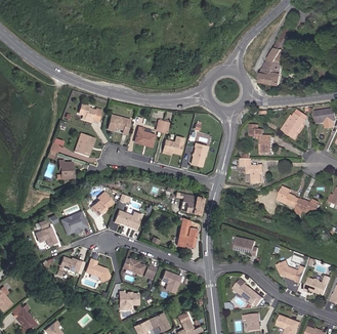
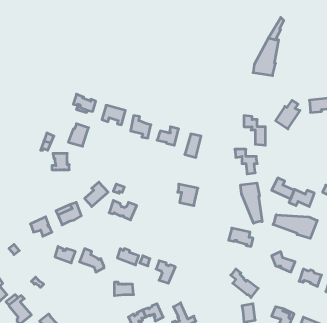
building: none -> [241,183,262,223]
building: [175,215,197,248] -> none
building: none -> [273,215,317,238]

